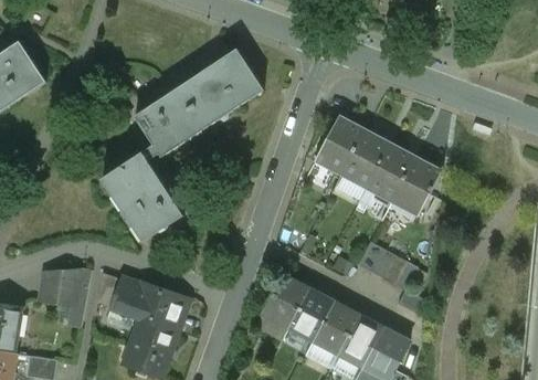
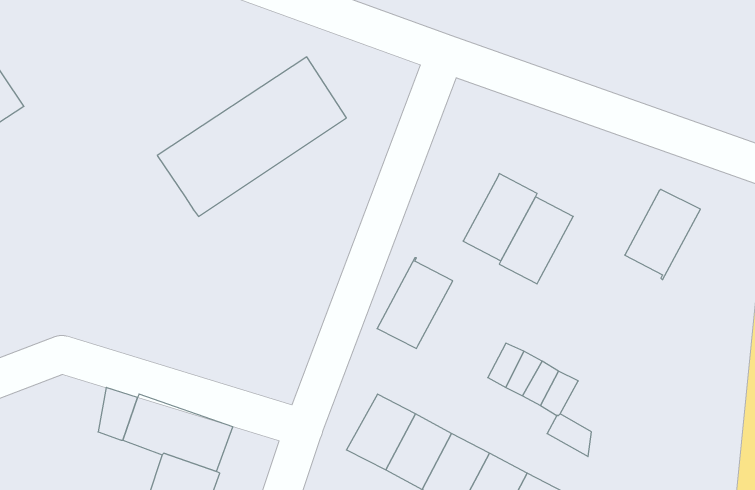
building: [313,115,363,176] -> [377,258,453,348]
building: [102,144,184,240] -> none
building: [391,156,442,217] -> [625,189,700,280]
building: [35,263,92,325] -> none

